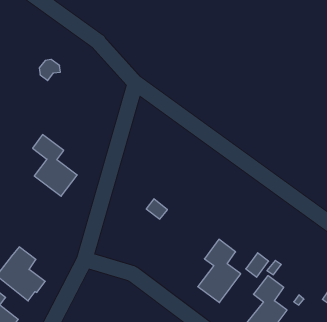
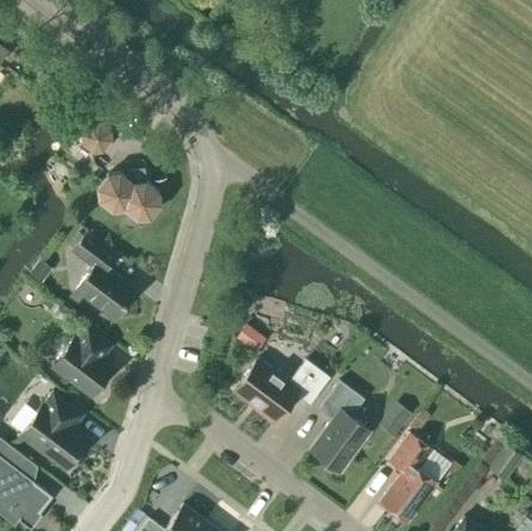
building: none -> [98,171,159,221]
building: none -> [52,328,112,398]
building: none -> [234,361,329,425]

